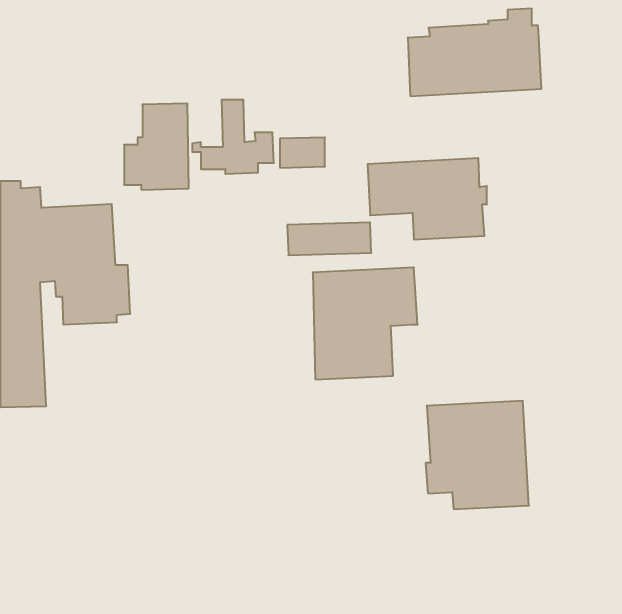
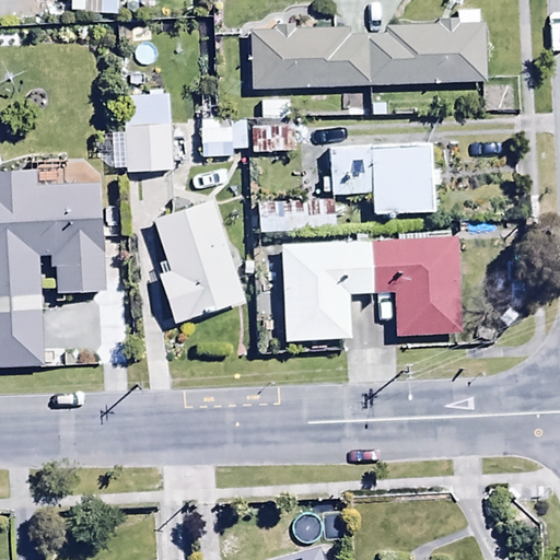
building: none -> [248,24,369,92]
building: none -> [153,200,247,322]
building: [426,401,529,509] -> [371,236,464,334]

